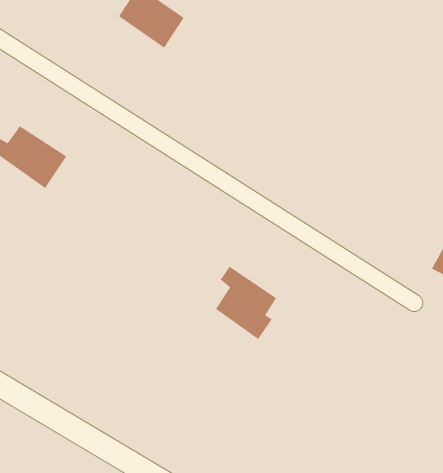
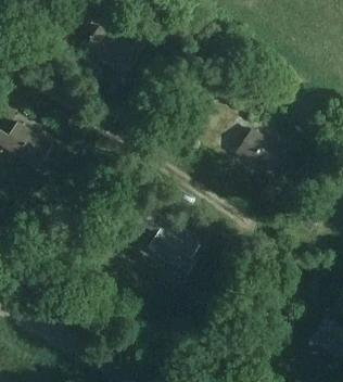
building: none -> [234,130,285,175]

